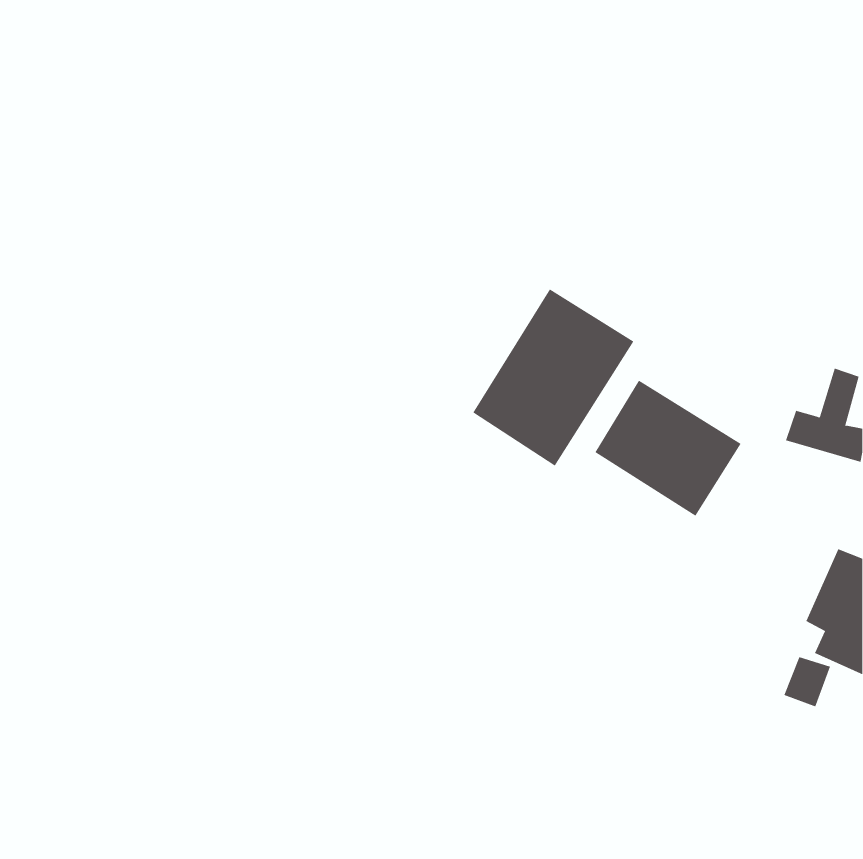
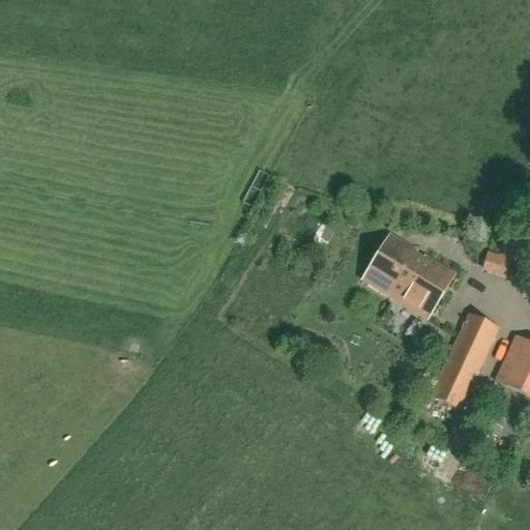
building: [472,288,634,466] -> none
building: none -> [431,314,499,409]

